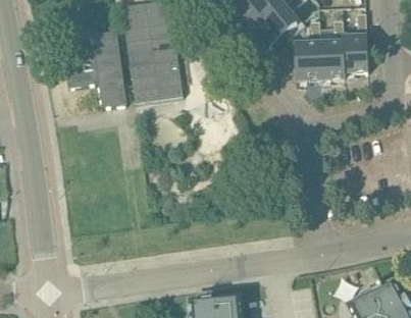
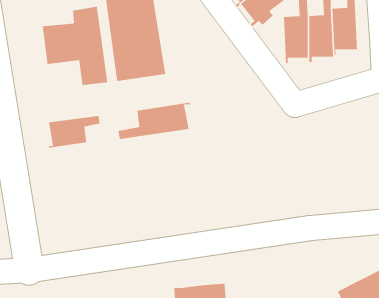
building: none -> [117,102,191,140]
building: none -> [48,115,101,149]

